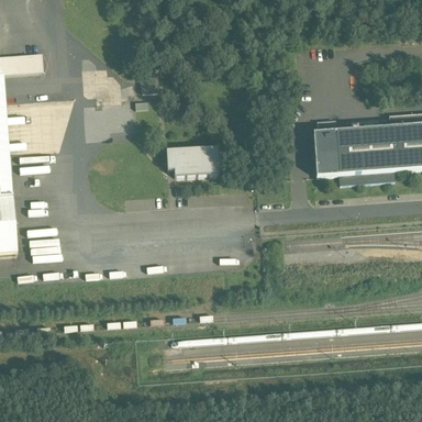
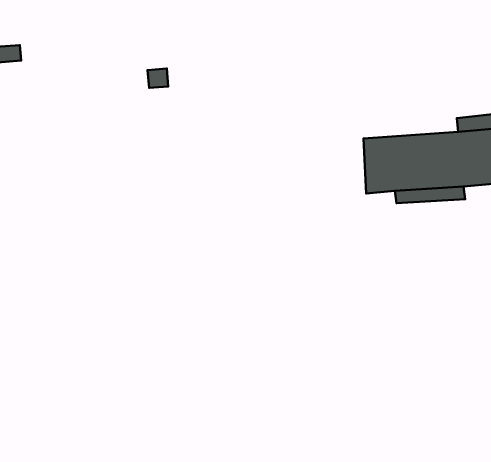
building: [167,145,221,176] -> none

